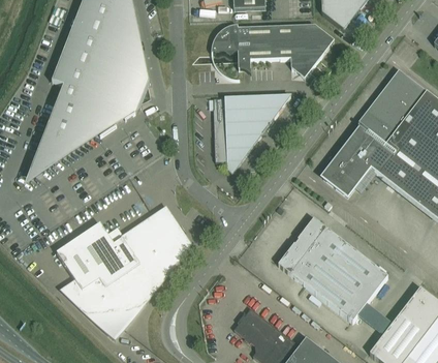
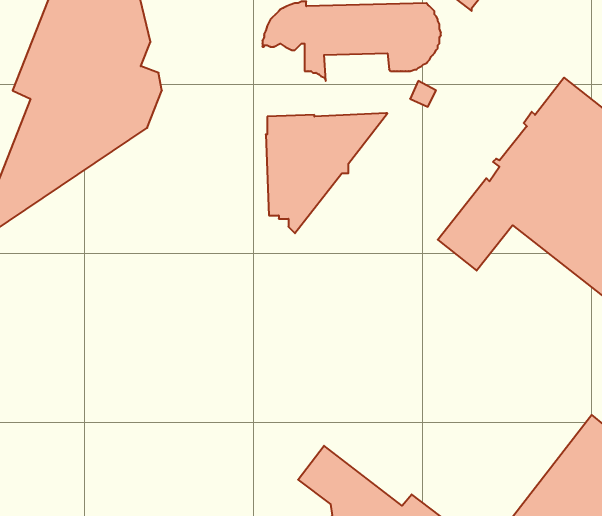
building: [57,207,189,338] -> none
building: [278,217,387,321] -> none

